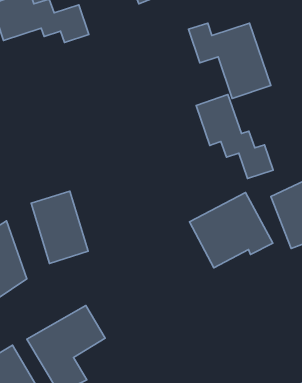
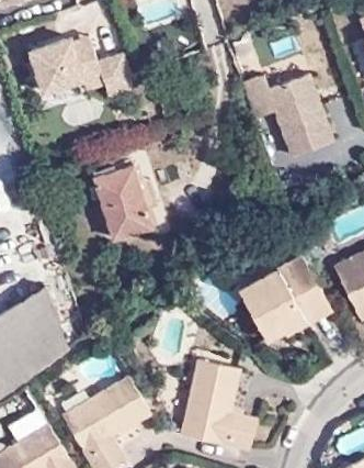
building: [196,95,273,179] -> none
building: [31,191,88,263] -> [91,165,152,243]
building: none -> [183,354,262,452]

